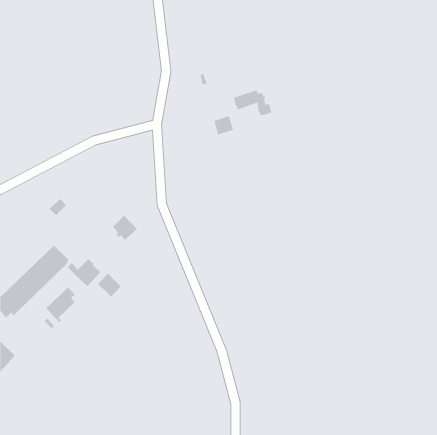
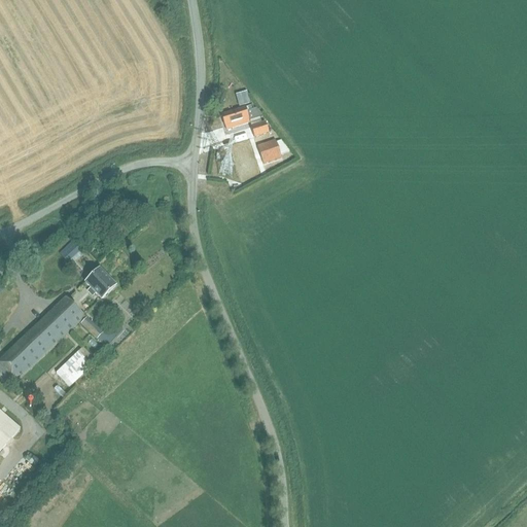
building: [233,90,272,116] -> [220,103,268,135]
building: [112,215,138,240] -> [84,266,115,296]
building: [97,273,122,298] -> none

